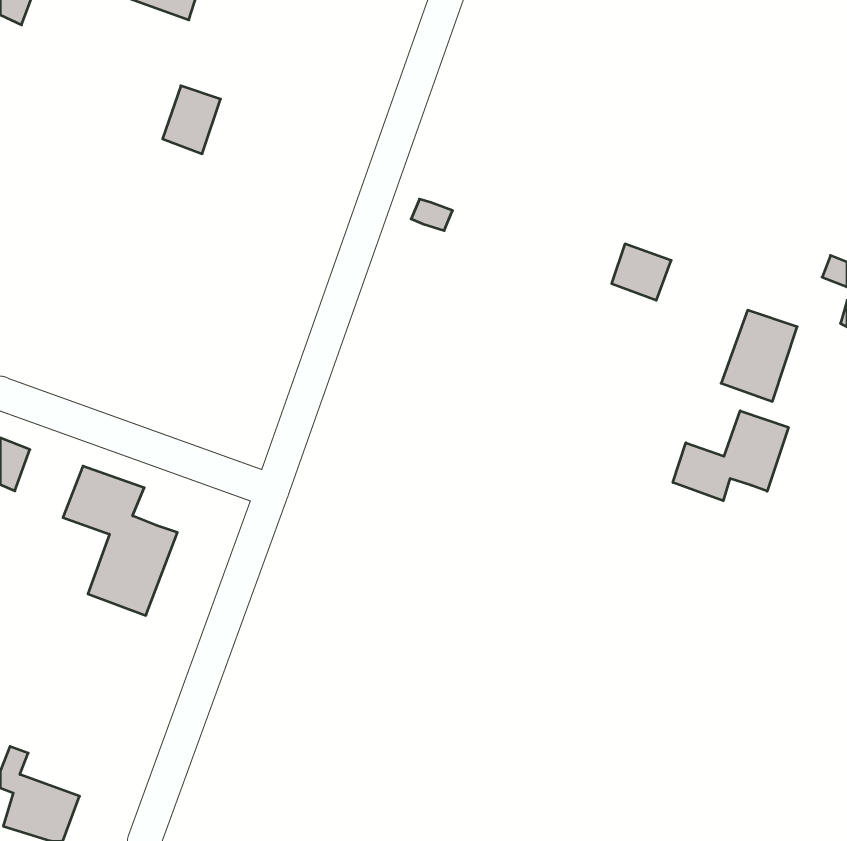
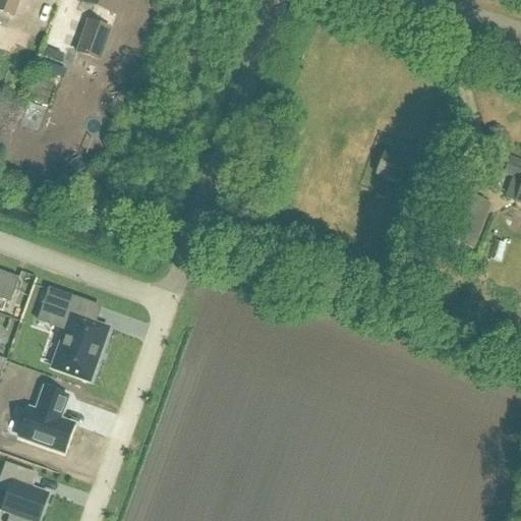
building: [163,86,221,154] -> [75,17,111,59]
building: [673,411,788,501] -> none
building: none -> [20,387,74,452]

